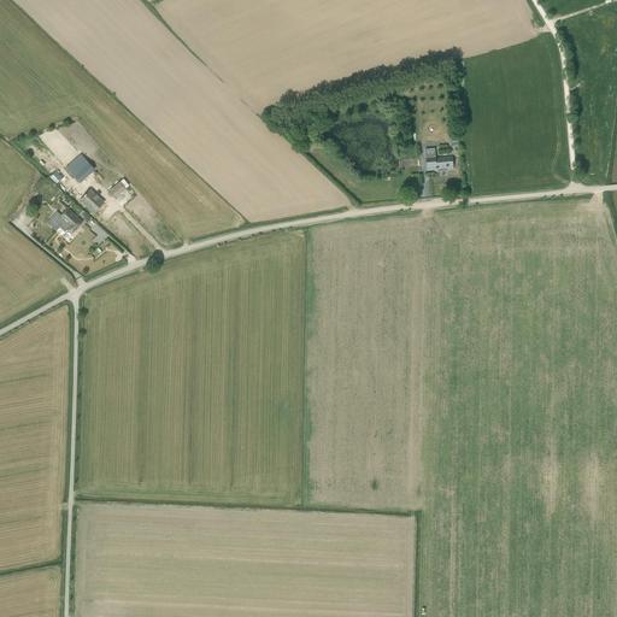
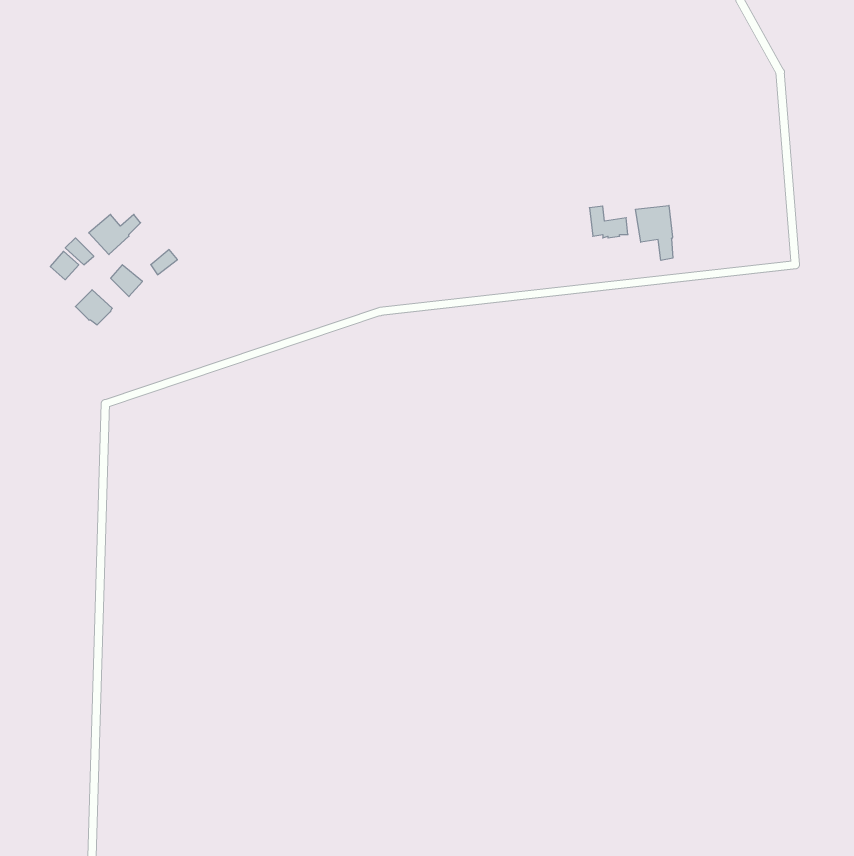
building: none -> [636,205,673,260]

